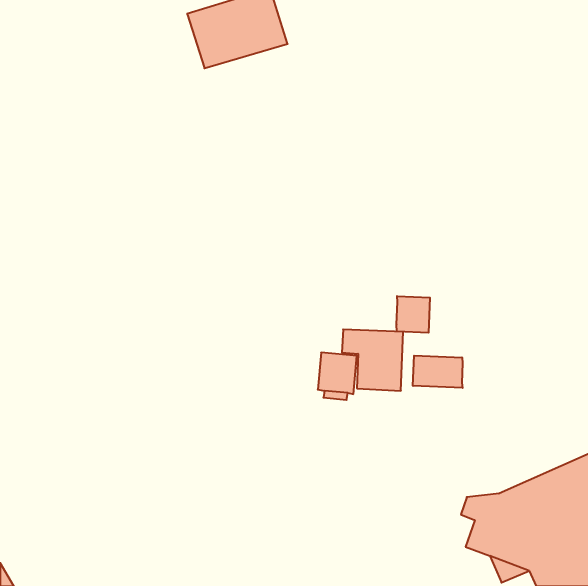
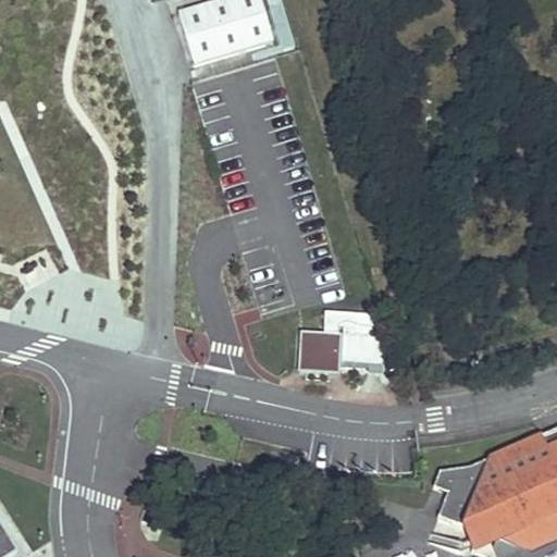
building: [397,296,430,333] -> none
building: [413,356,463,388] -> none

